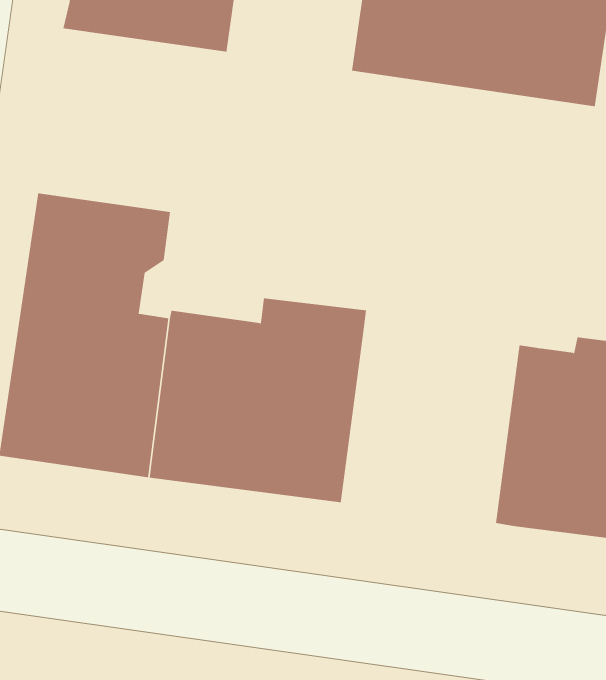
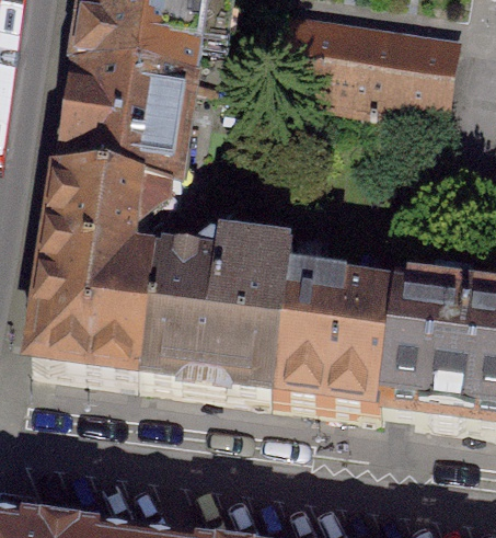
building: none -> [57,67,189,198]
building: none -> [269,283,392,413]

